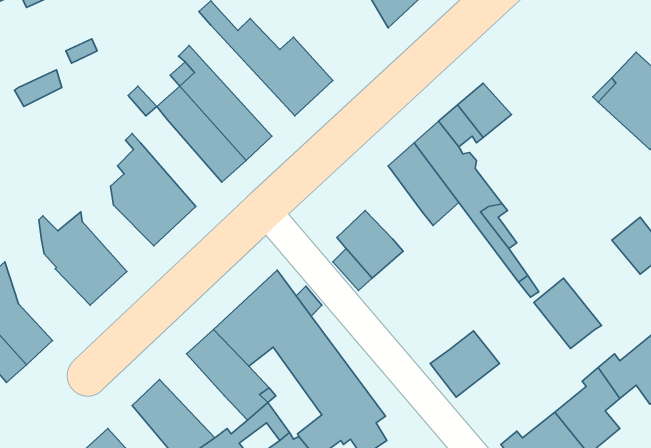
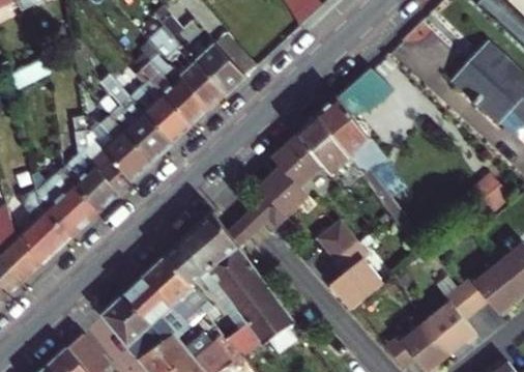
building: none -> [146,24,227,109]
building: none -> [109,96,171,163]
building: none -> [63,117,119,212]
building: none -> [272,132,324,188]
building: none -> [16,189,70,265]
building: [534,278,601,348] -> [317,219,369,273]
building: none -> [123,276,175,340]

